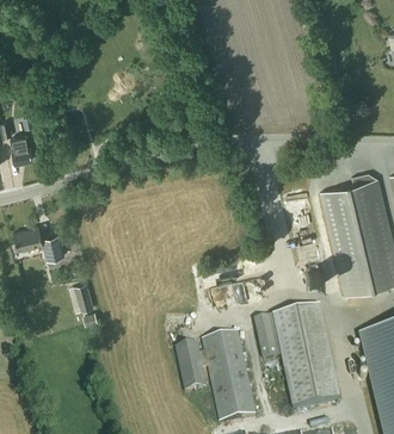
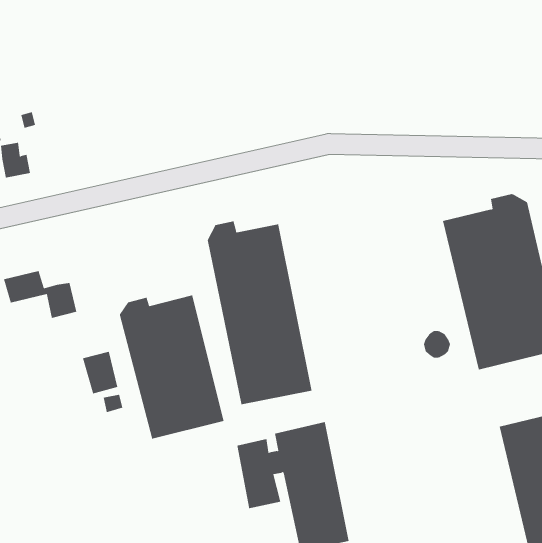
building: none -> [207,221,312,405]
building: none -> [119,295,224,439]
building: [253,308,340,411] -> none

